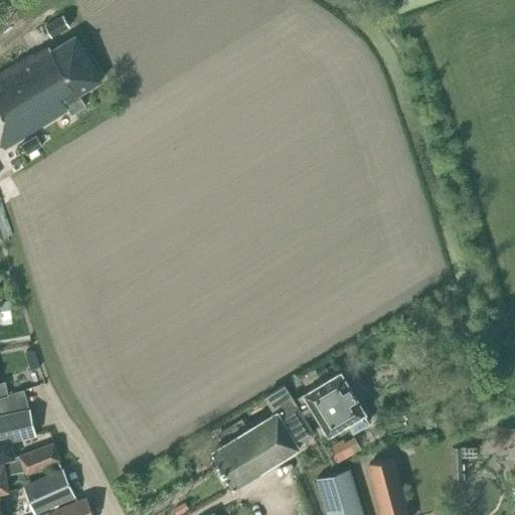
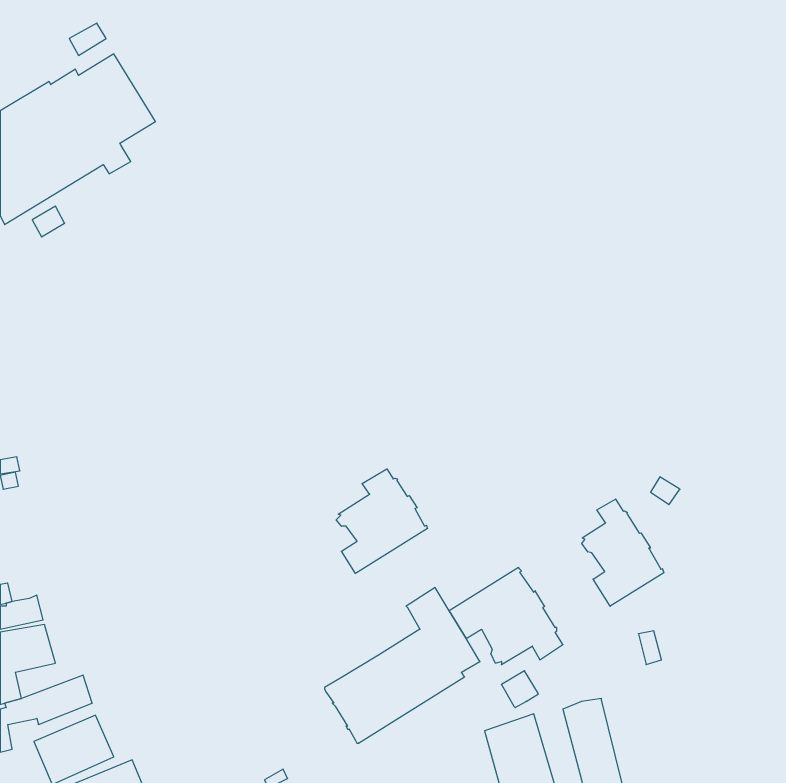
building: none -> [336,469,427,573]
building: none -> [582,499,664,606]

